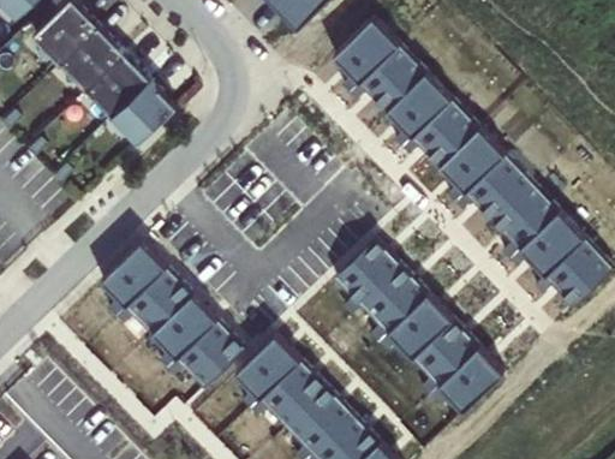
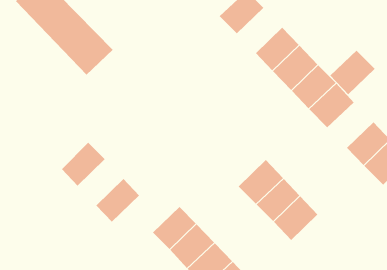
building: [357,44,423,111] -> none
building: [489,183,556,249] -> [329,50,375,95]
building: [332,238,399,305] -> none
building: [124,266,191,333] -> none
building: [174,318,243,387] -> none
building: [436,346,501,411] -> none

